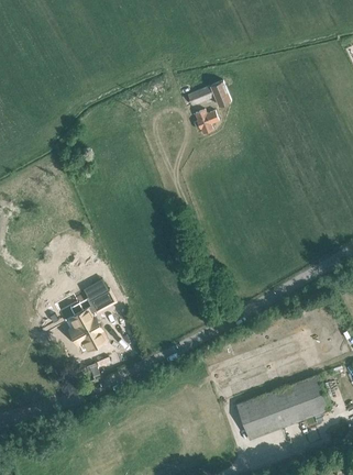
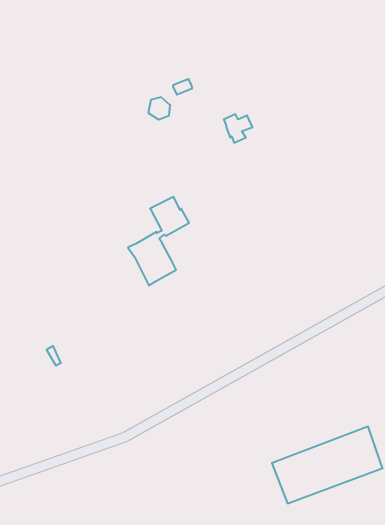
building: [187,81,231,108] -> none
building: [64,279,115,354] -> [128,197,189,285]

